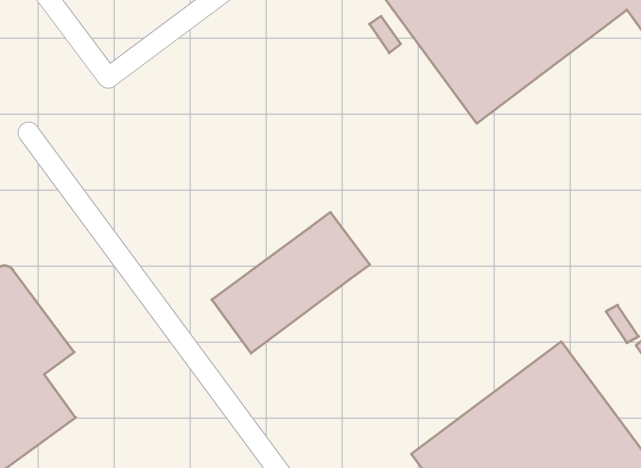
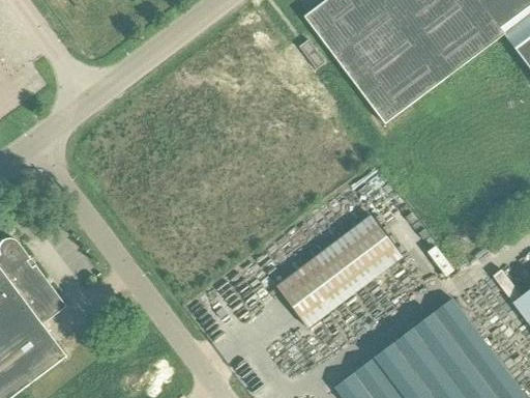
building: [212,212,370,353] -> [277,214,403,325]

